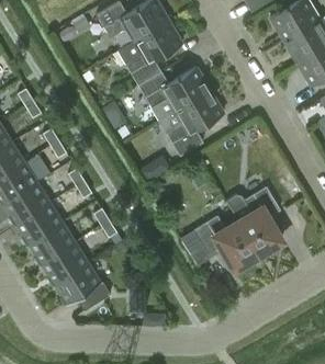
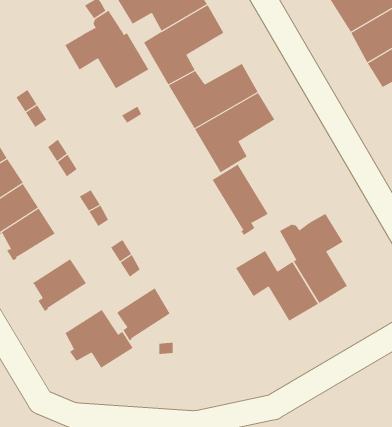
building: none -> [65,10,149,89]
building: none -> [212,163,268,236]
building: [18,203,60,246] -> none
building: [43,242,86,285] -> [117,287,170,341]

